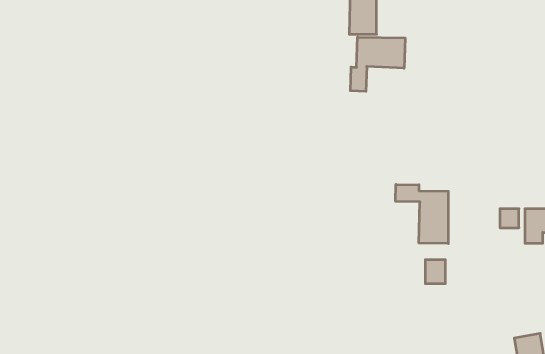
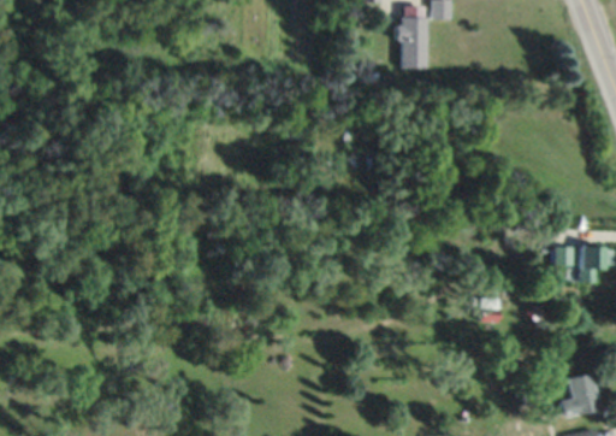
building: [350,37,405,91] -> none
building: [396,184,448,244] -> none

